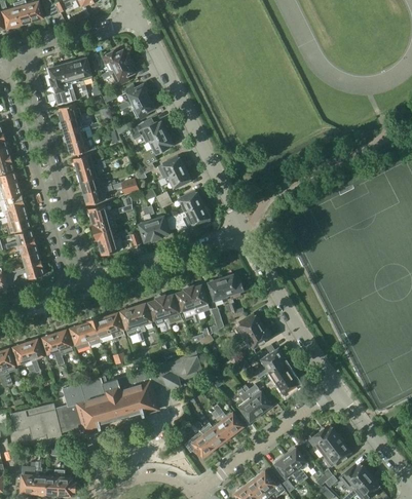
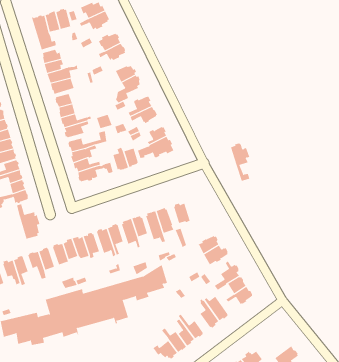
building: [221,273,244,317] -> [230,143,250,182]
building: none -> [16,204,40,240]
building: [307,426,342,455] -> none

